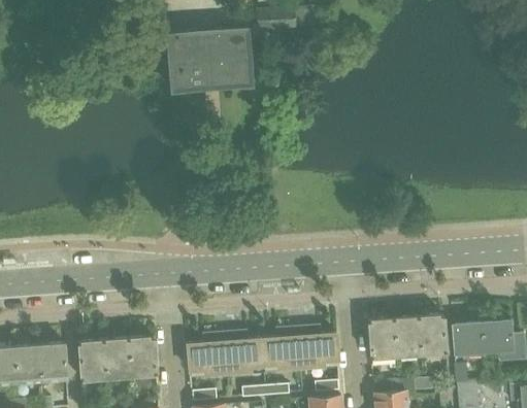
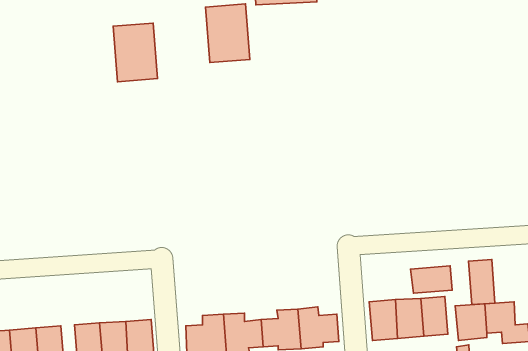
building: [168,30,211,88] -> [113,23,157,82]
building: none -> [469,260,495,305]
building: none -> [411,266,452,293]

